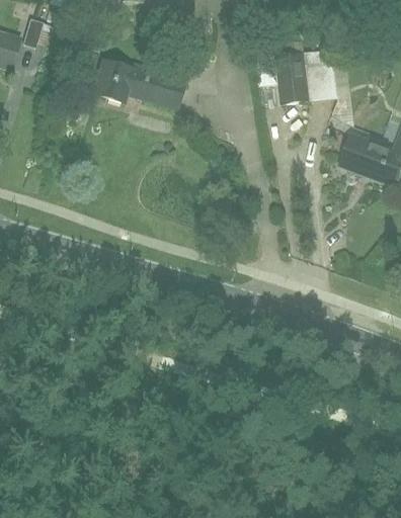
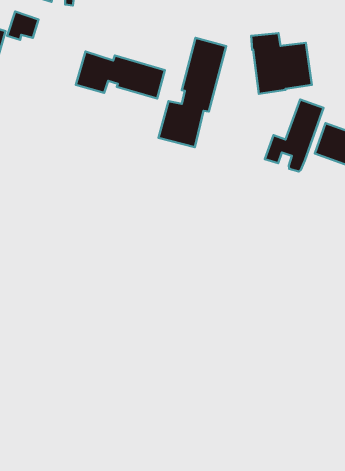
building: none -> [158,38,226,147]
building: none -> [265,99,324,172]

